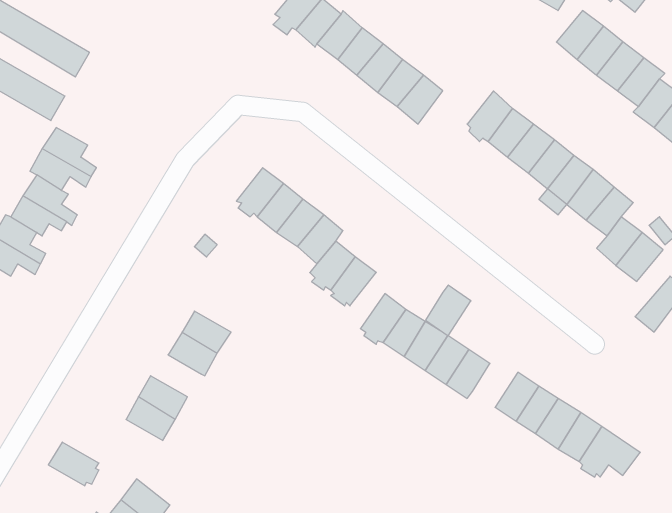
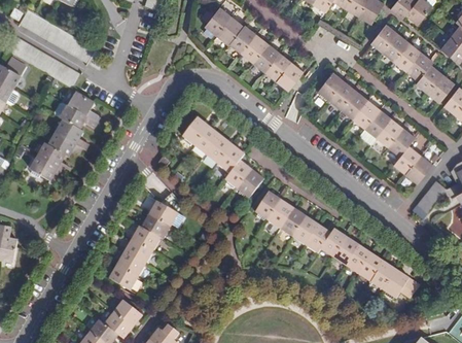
building: [426,285,471,336] -> [320,227,347,256]
building: none -> [131,225,161,250]
building: [48,442,99,486] -> [108,264,138,289]

